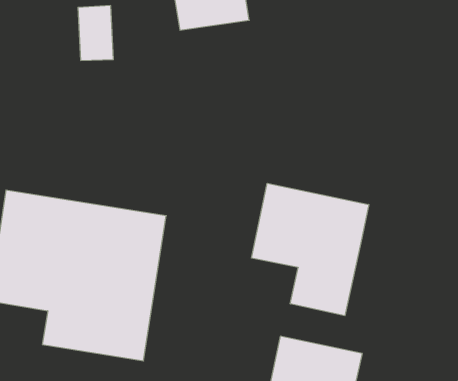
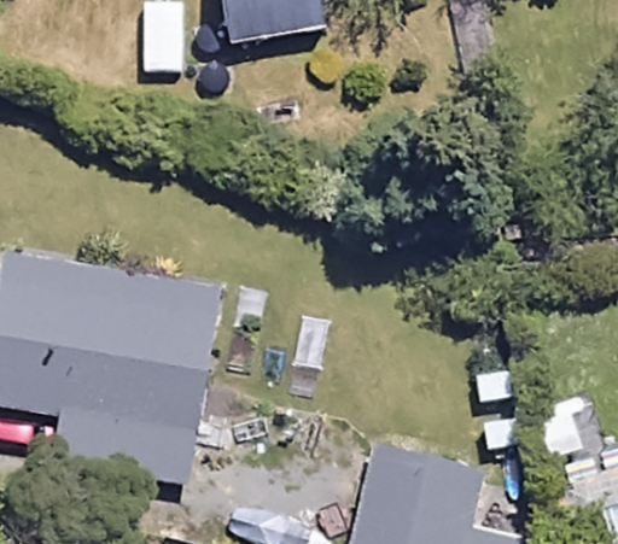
building: [252,183,369,316] -> none

